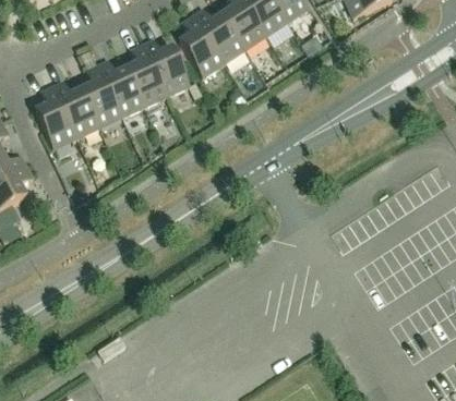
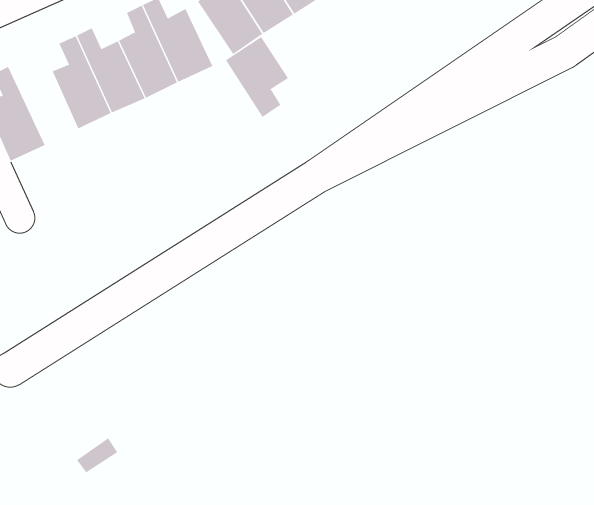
building: none -> [225,36,289,118]
building: [51,80,98,138] -> none

